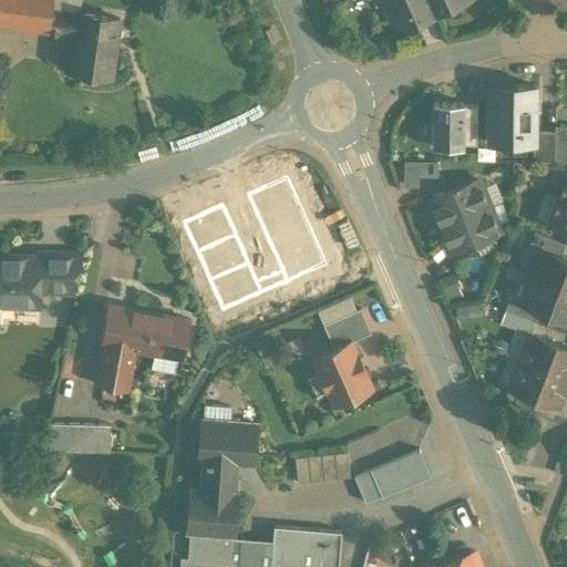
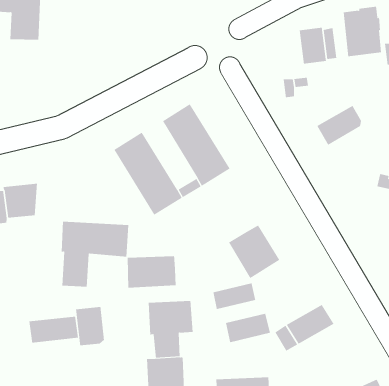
building: [430,181,489,227] -> none
building: [324,309,371,349] -> none
building: none -> [127,255,176,288]
building: none -> [213,282,256,310]
building: none -> [75,306,104,346]

